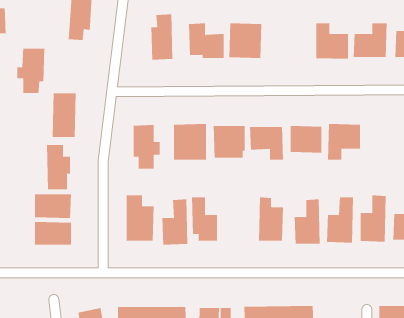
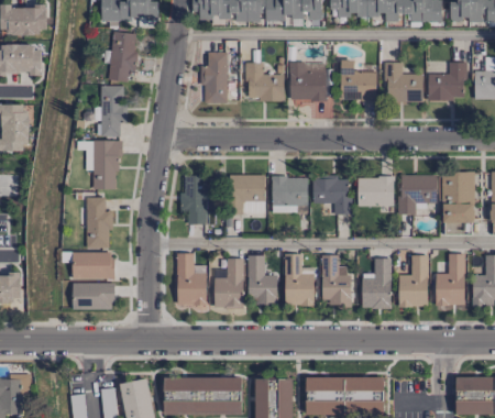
building: none -> [341,61,376,100]
building: [16,48,45,94] -> [95,86,127,136]
building: none -> [442,172,475,222]
building: none -> [285,254,315,306]

